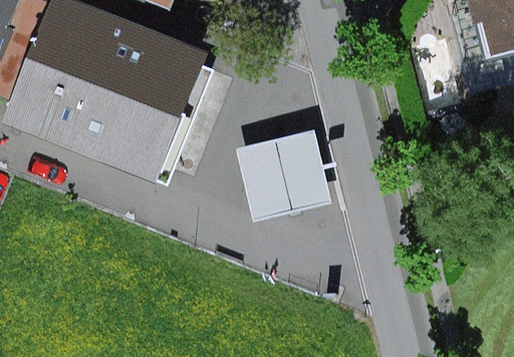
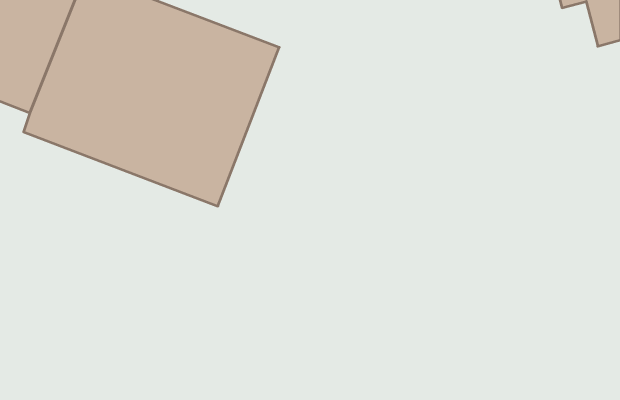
building: [247,130,339,219] -> none

